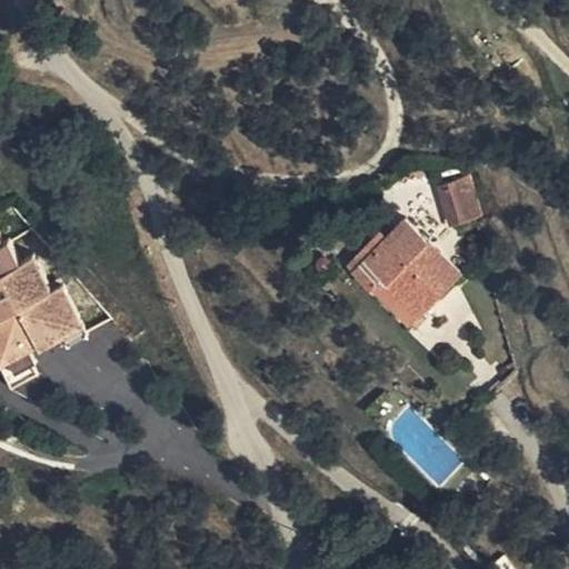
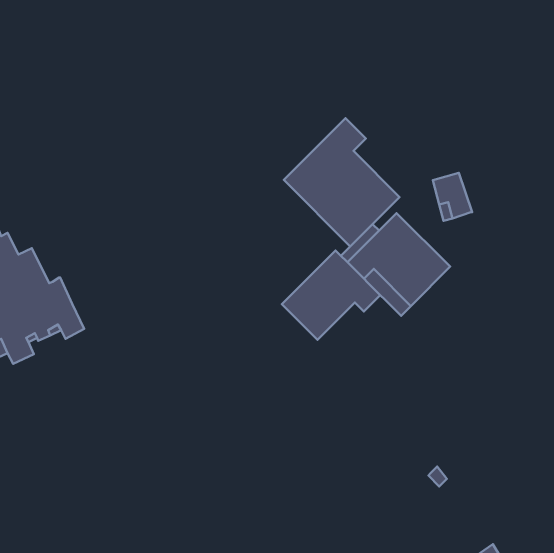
building: none -> [284,118,400,246]
building: none -> [282,250,380,340]

